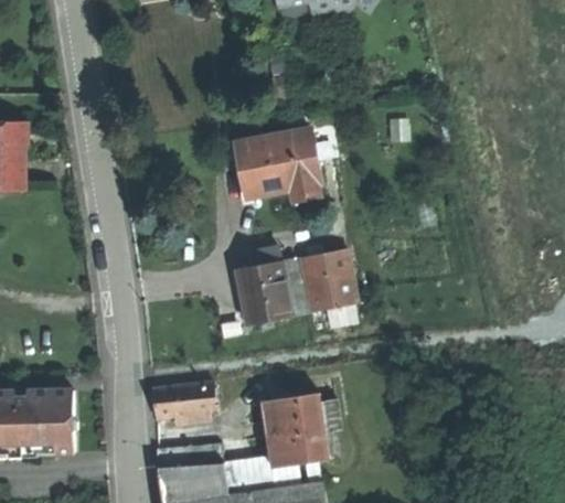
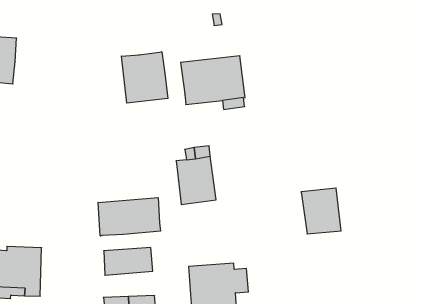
building: none -> [121,52,168,103]
building: [302,245,356,306] -> [301,188,341,234]
building: none -> [98,198,160,236]

